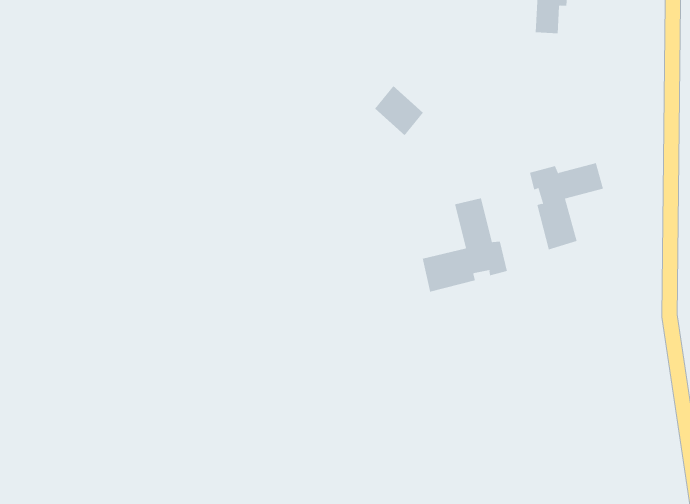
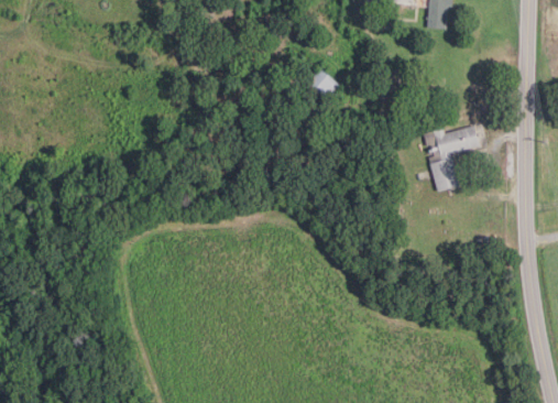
building: [422,197,508,293] -> none

